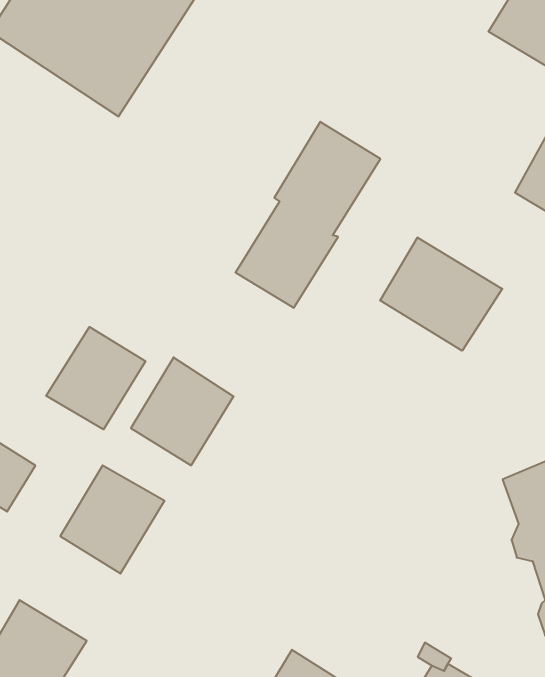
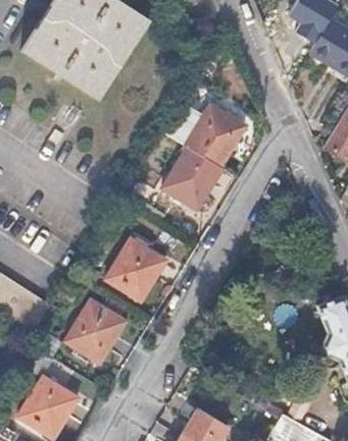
building: [380,237,502,351] -> none
building: [46,327,145,429] -> none

